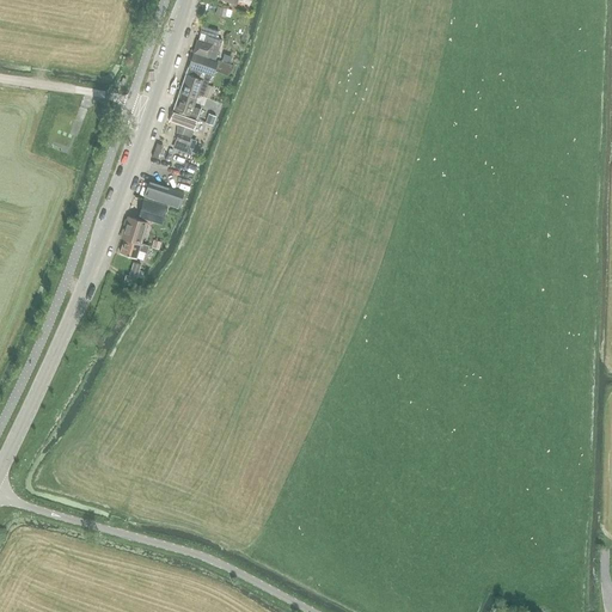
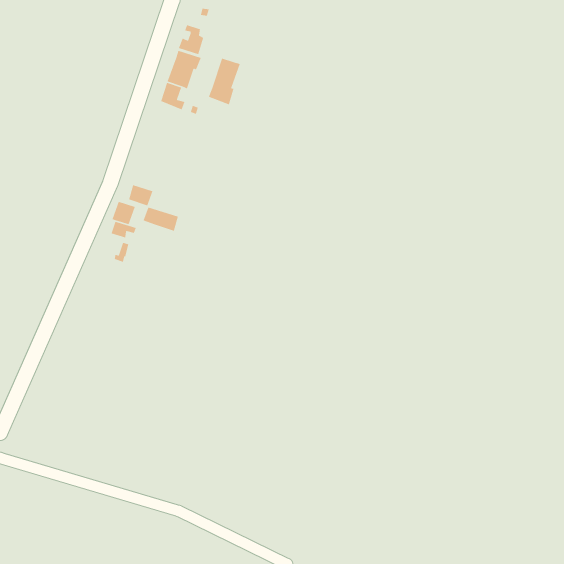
building: none -> [208,57,241,105]
building: [169,111,196,145] -> none
building: [143,182,183,209] -> [142,206,179,232]

